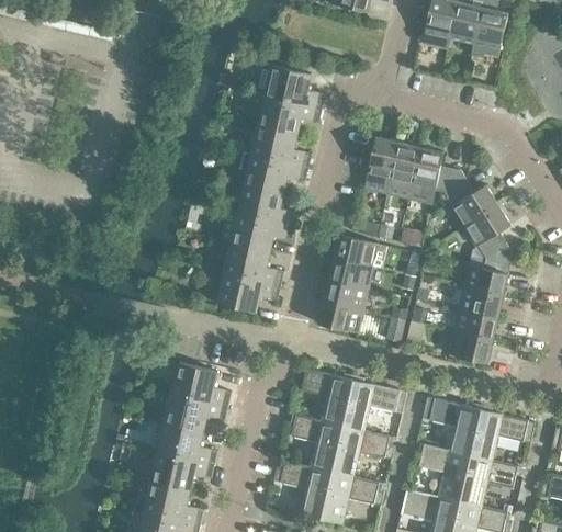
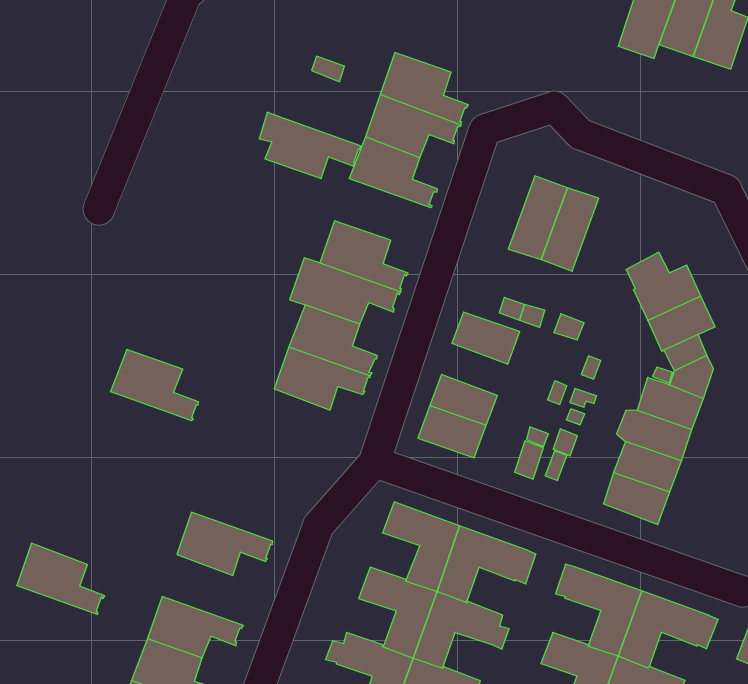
building: [408,147,465,204] -> none
building: [238,151,307,192] -> [259,112,361,179]
building: [328,257,372,288] -> none
building: [170,362,231,405] -> [110,350,199,421]
building: [157,421,217,464] -> [17,543,105,614]

